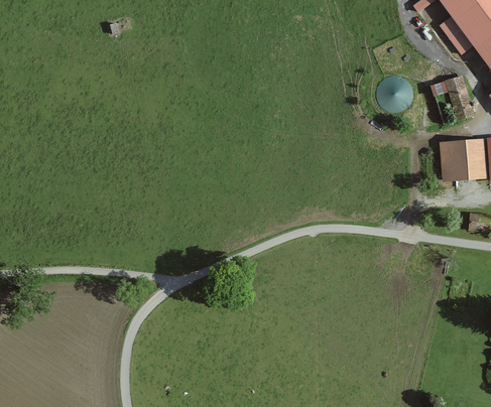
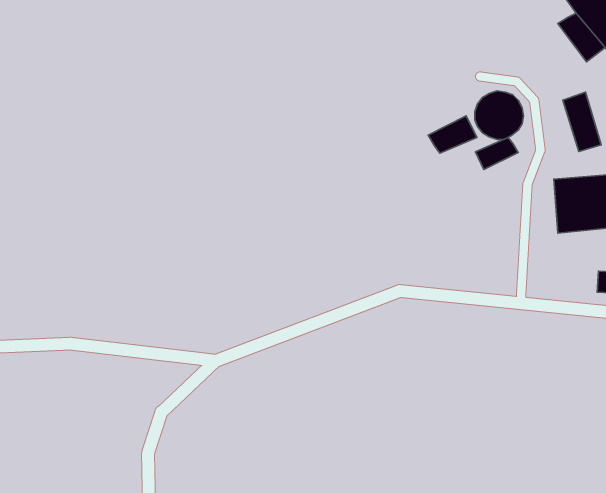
building: none -> [428,116,477,153]
building: none -> [475,138,518,170]

